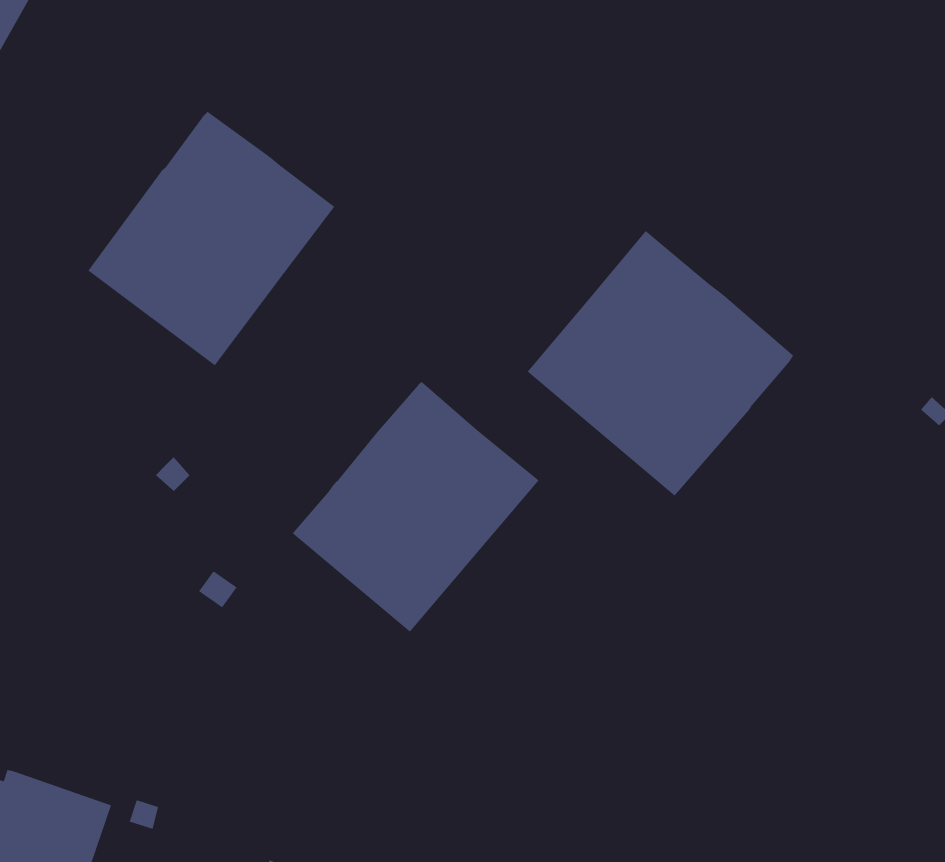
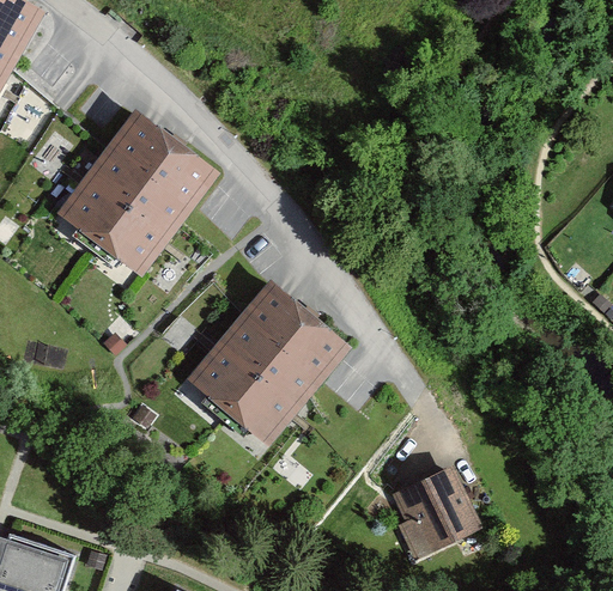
building: [527,230,794,497] -> none
building: none -> [389,467,477,556]

